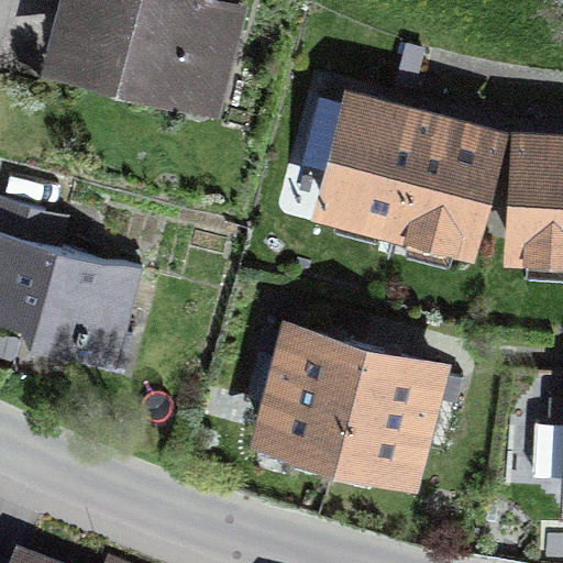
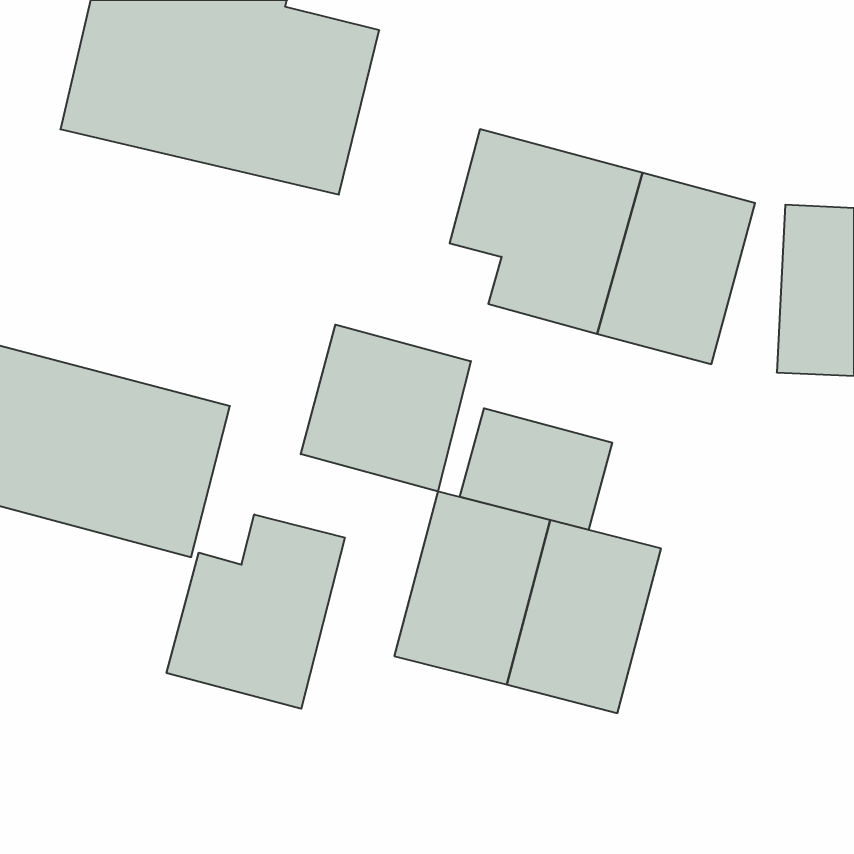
building: none -> [301,325,471,492]
building: none -> [460,408,612,530]
building: none -> [167,514,345,709]

